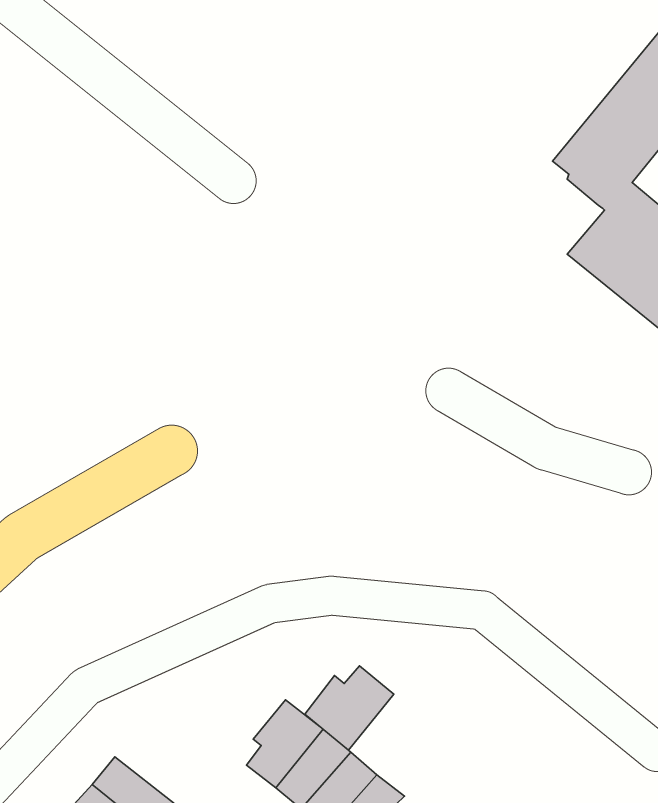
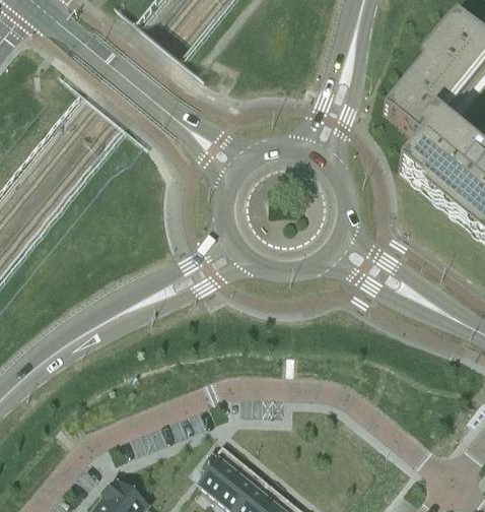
building: [305,666,394,750] -> none

